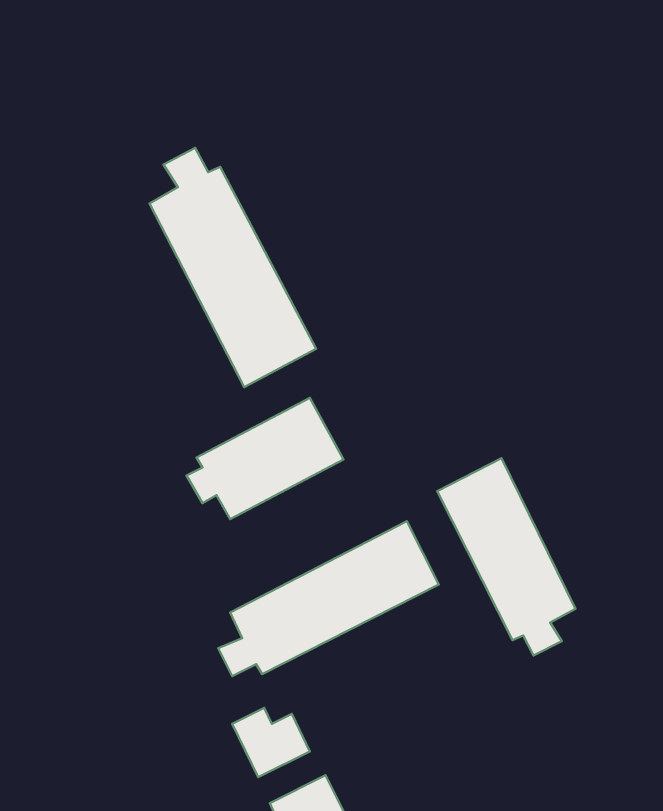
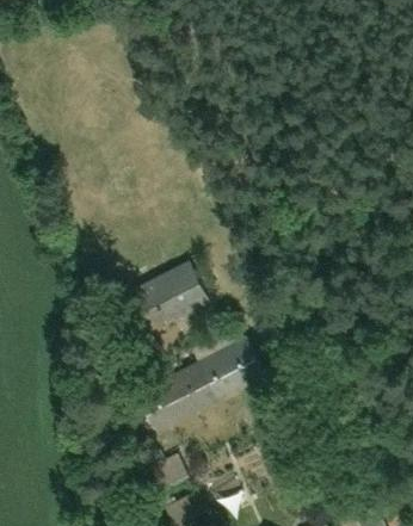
building: [150,148,316,387] -> none
building: [437,458,576,655] -> none

